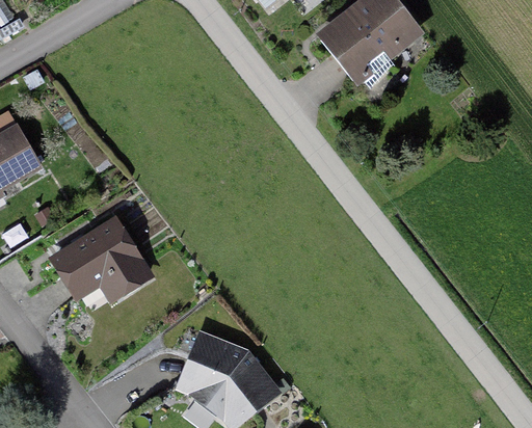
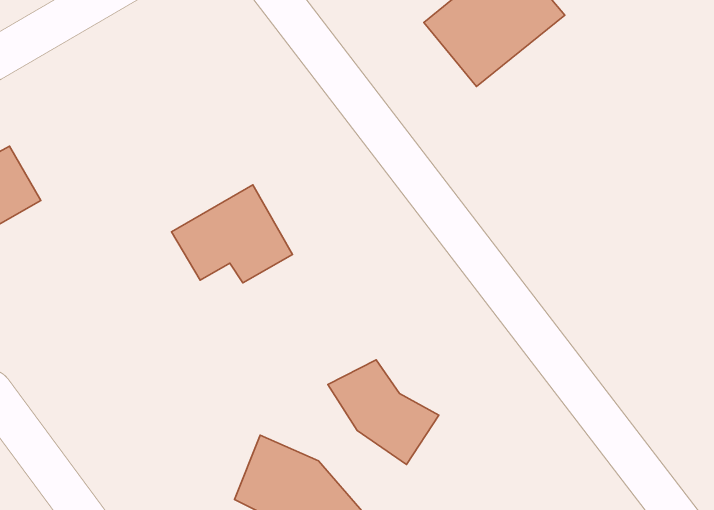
building: [55,226,143,298] -> [172,185,293,283]
building: none -> [328,360,439,464]

